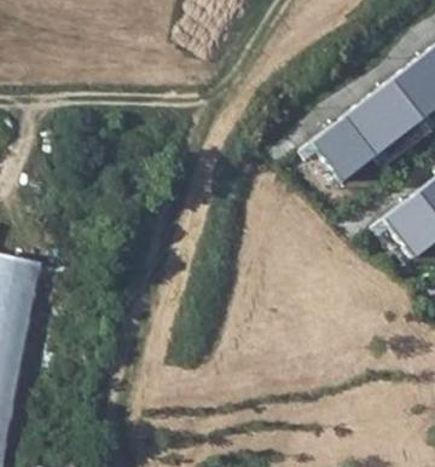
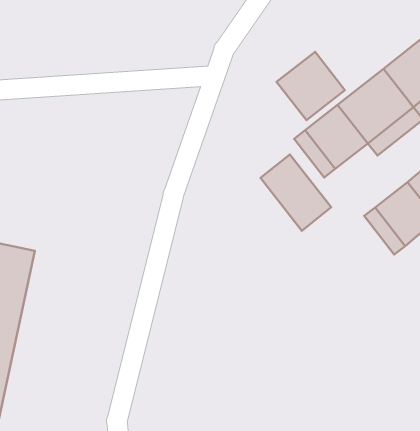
building: none -> [277,52,345,120]
building: none -> [260,154,331,231]

